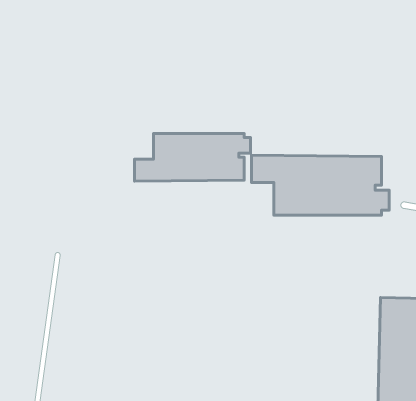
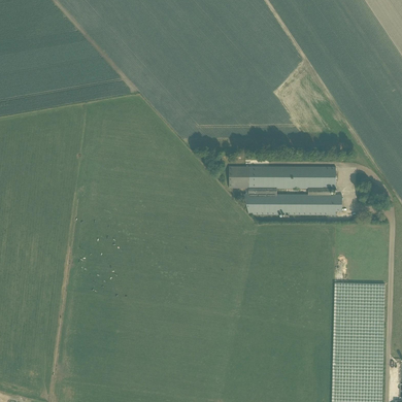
building: [135,133,251,181] -> none

